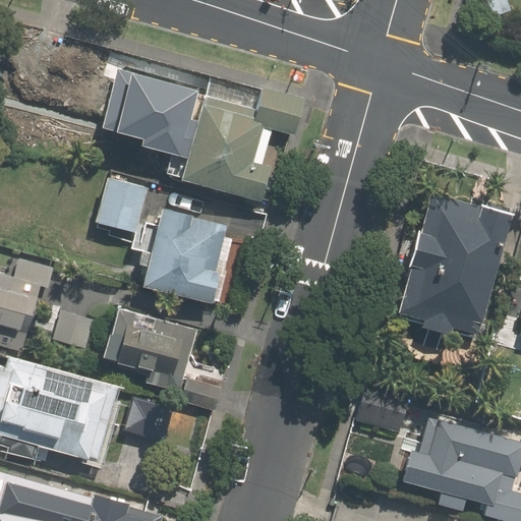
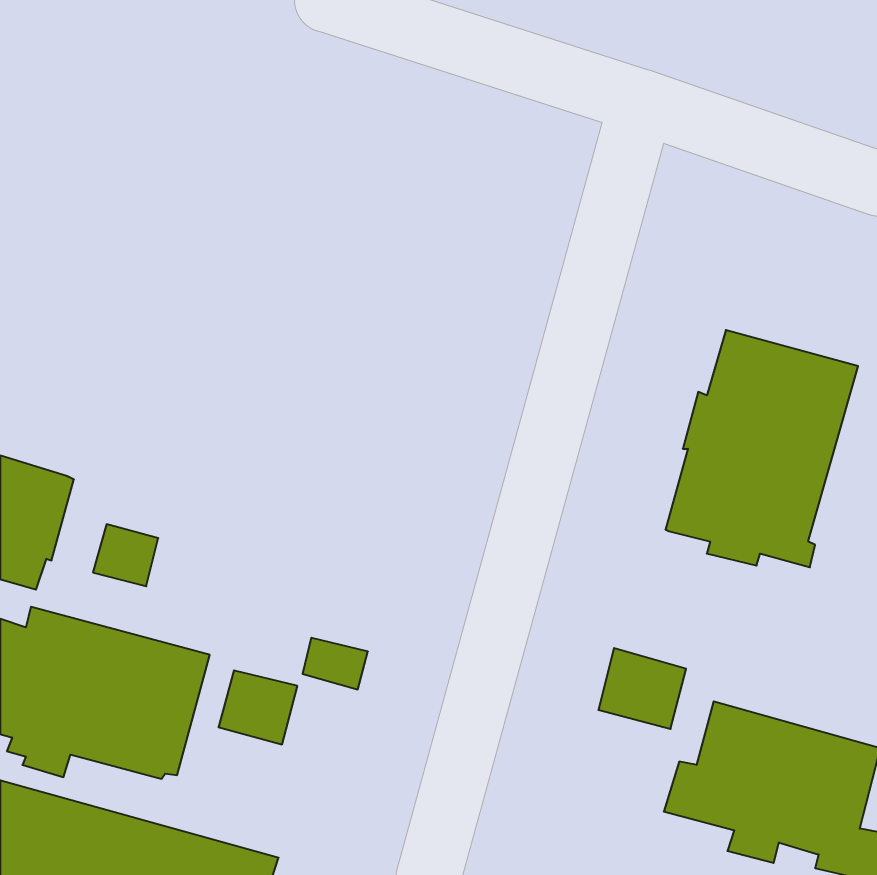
building: [101,62,198,154] -> none
building: [181,90,297,201] -> none
building: [96,175,147,231] -> none
building: [144,209,224,301] -> none
building: [107,308,194,392] -> none

